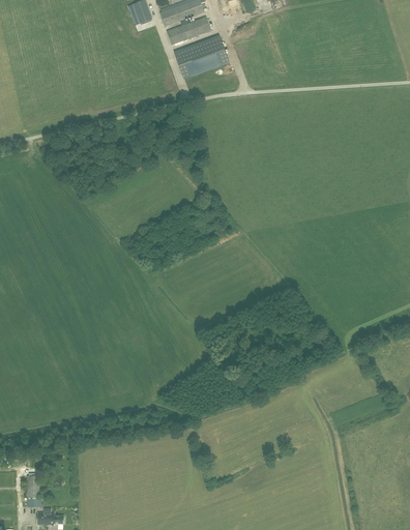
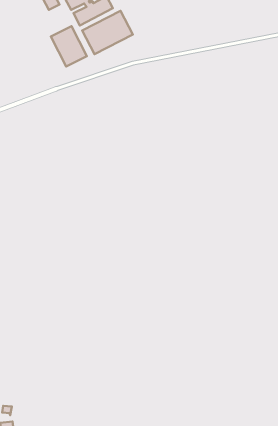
building: none -> [51,26,87,66]

